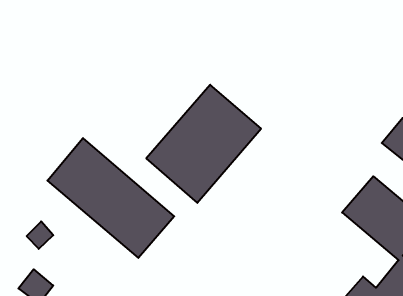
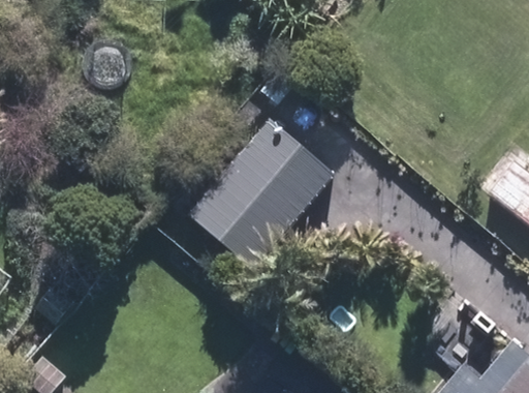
building: [47,138,174,258] -> none

